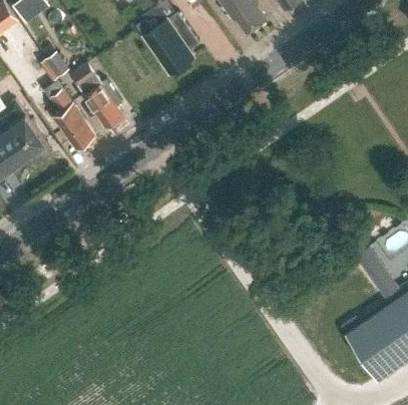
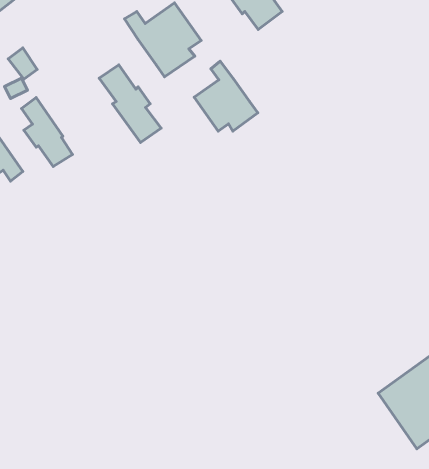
building: none -> [194,61,258,131]
building: [72,64,123,128] -> [99,65,161,143]

